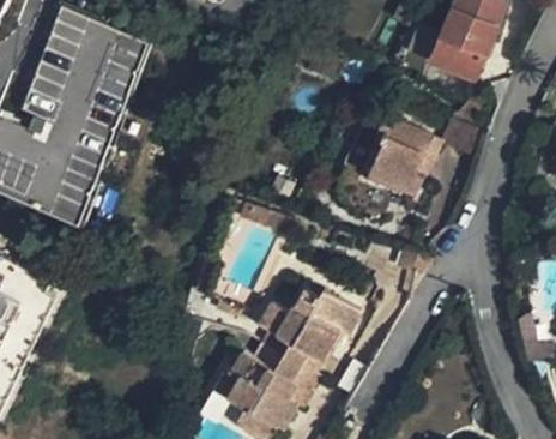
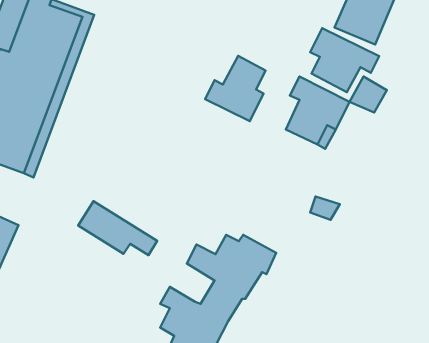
building: none -> [310,28,379,92]
building: none -> [205,56,266,121]
building: none -> [78,201,157,255]

